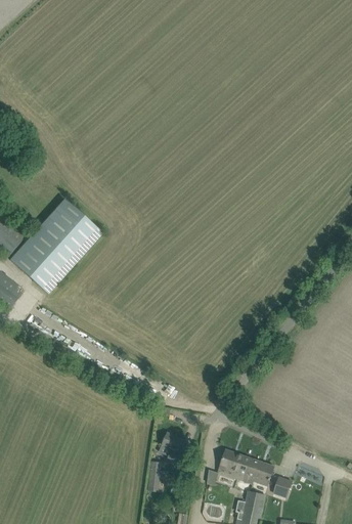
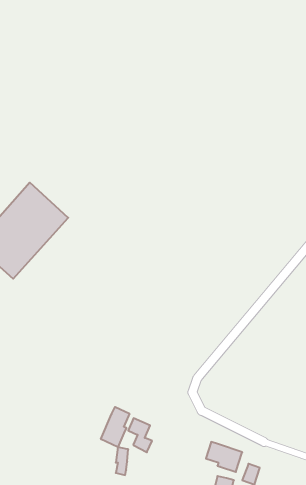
building: none -> [101,407,129,447]
building: [219,449,252,484] -> none

